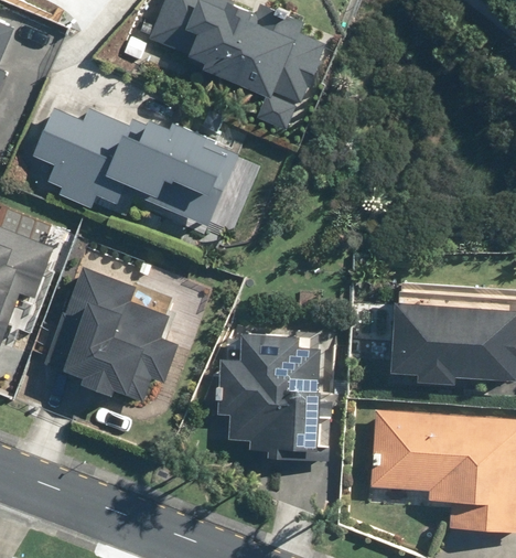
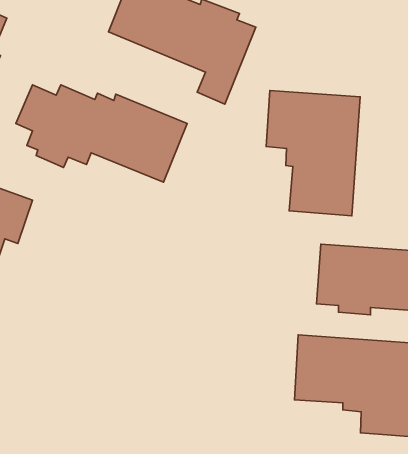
building: none -> [266,90,360,216]
building: [42,265,180,404] -> none
building: [215,331,324,461] -> none

